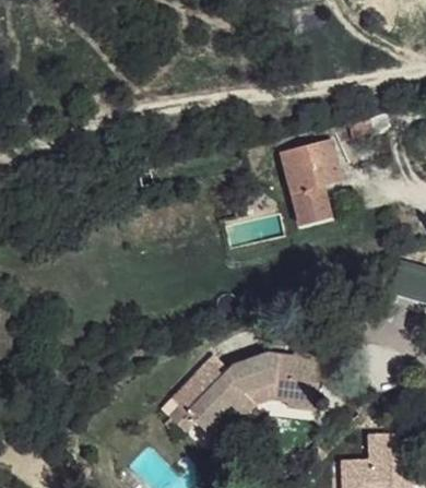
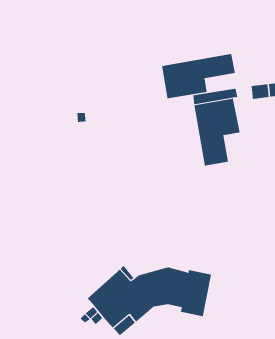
building: none -> [162,53,235,99]

